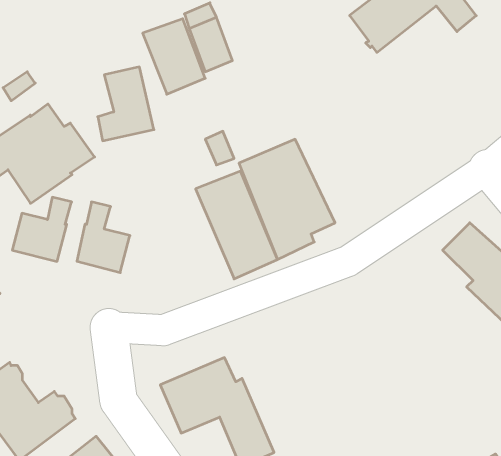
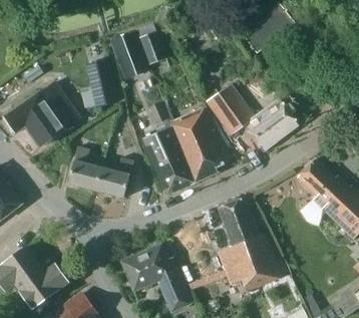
building: none -> [206,84,298,152]
building: [12,197,72,261] -> [95,157,132,198]
building: none -> [218,199,280,290]

